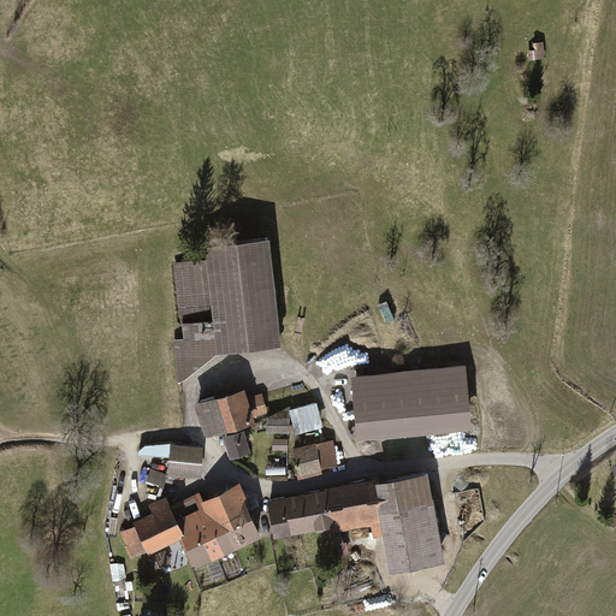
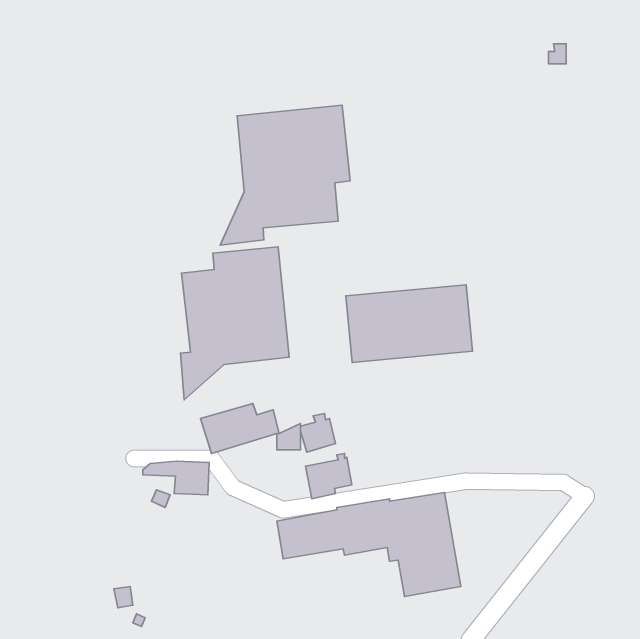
building: none -> [220,105,350,245]
building: [349,365,470,439] -> [346,285,472,362]
building: [223,431,249,461] -> none
building: [119,481,262,569] -> none

